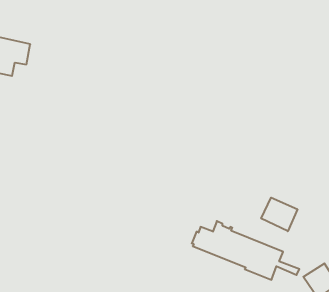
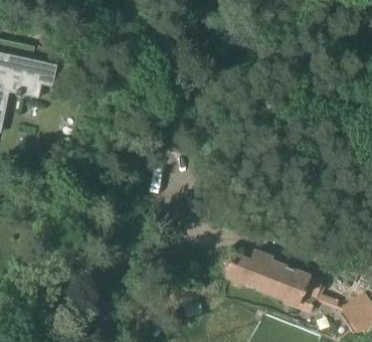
building: [261,198,297,231] -> none

